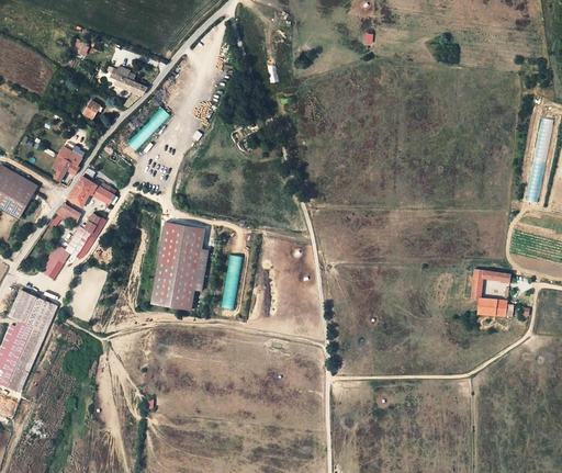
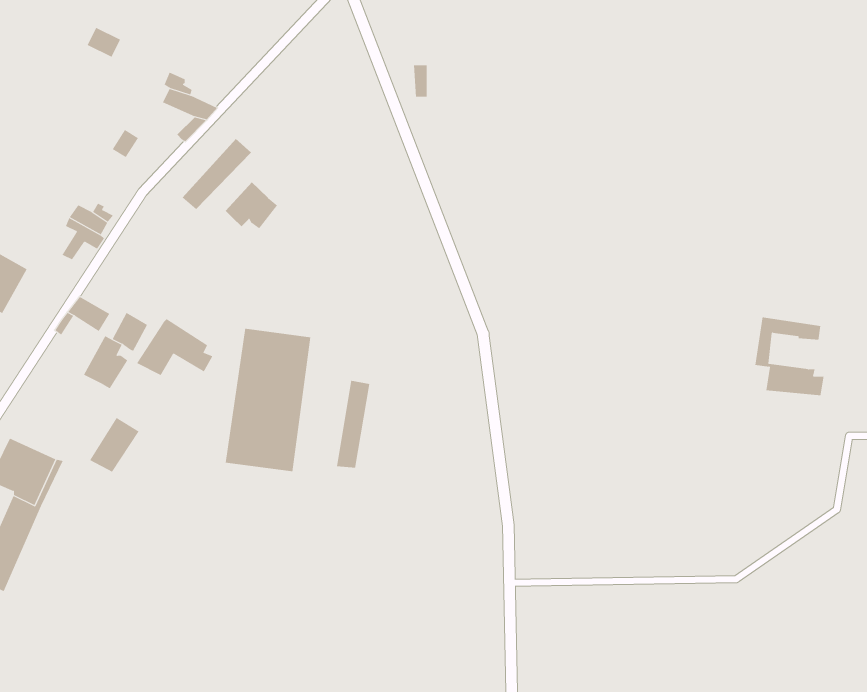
building: none -> [225,181,278,229]
building: [66,171,113,206] -> [136,318,213,376]
building: [38,245,69,279] -> [89,417,139,473]
building: [470,269,513,317] -> [755,317,825,396]

